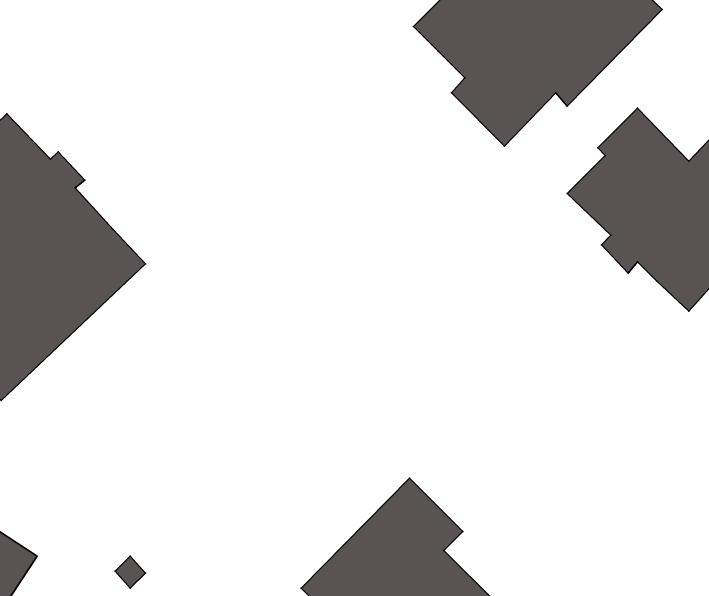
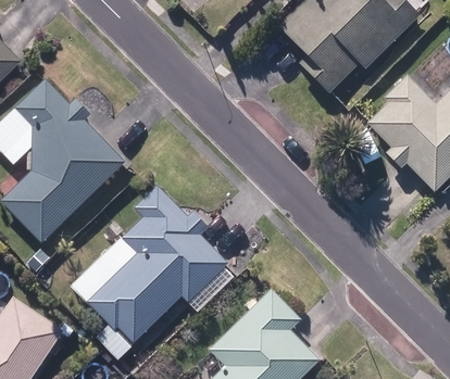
building: none -> [90,184,232,341]

